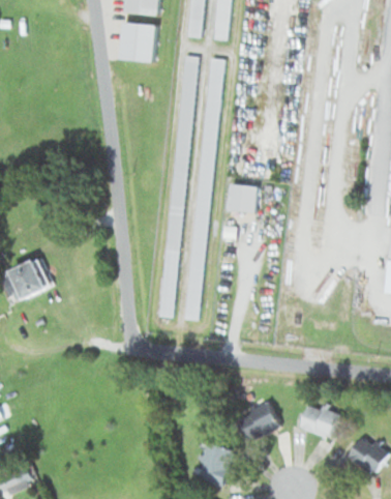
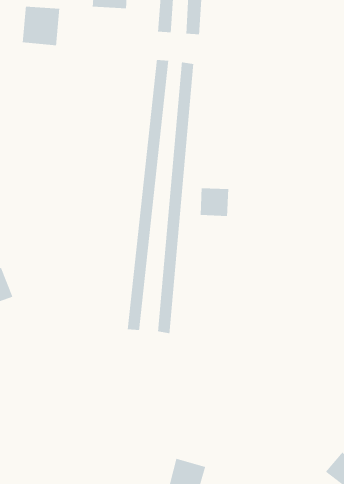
building: [122,25,158,63] -> [22,6,60,46]
building: [238,403,279,441] -> none
building: [300,404,339,439] -> none

